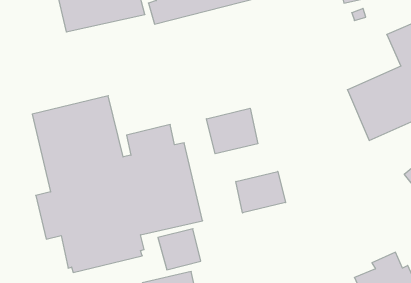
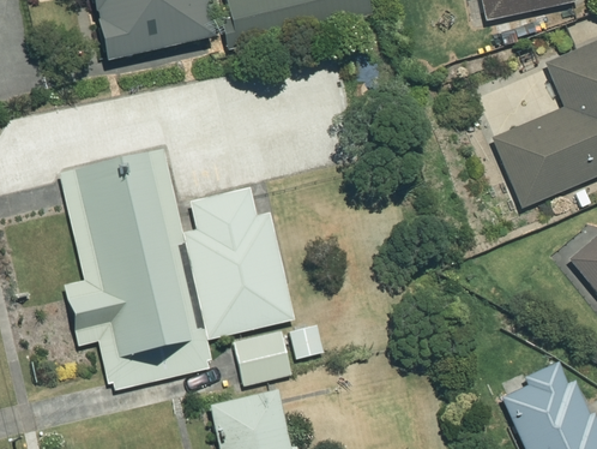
building: [206,108,258,154] -> none
building: [236,171,286,213] -> none

